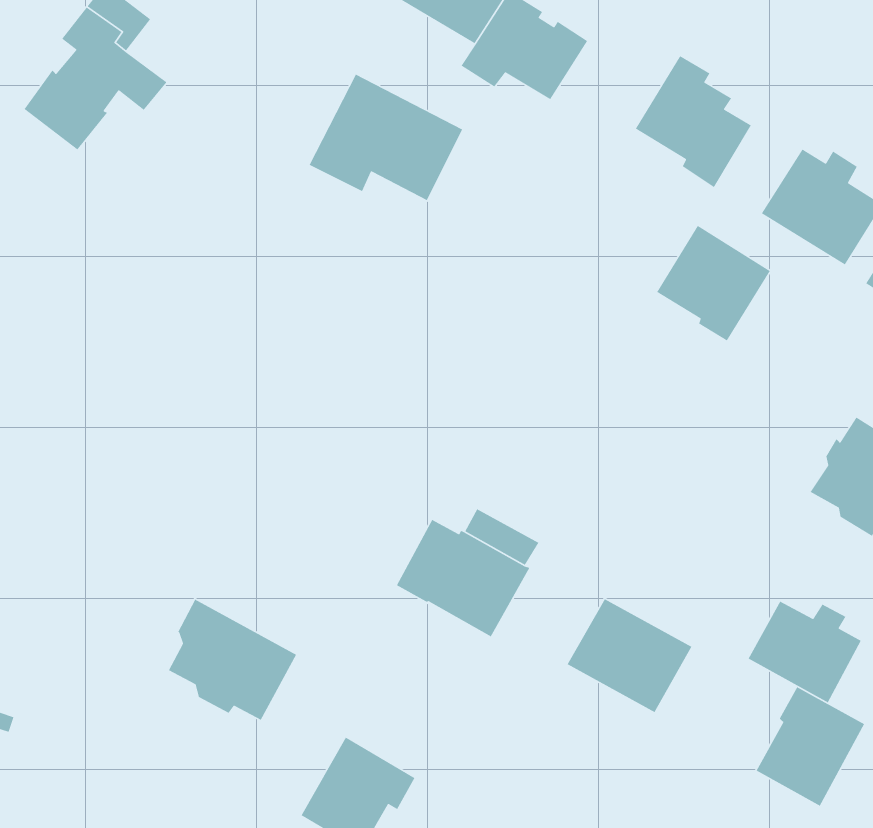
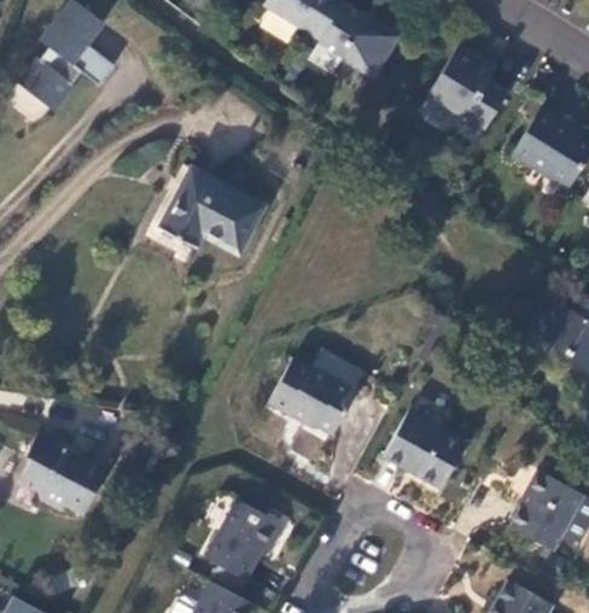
building: [309,73,463,201] -> [161,168,264,253]
building: [656,225,771,342] -> none
building: [168,599,297,721] -> [21,432,107,514]
building: [748,600,862,704] -> none

